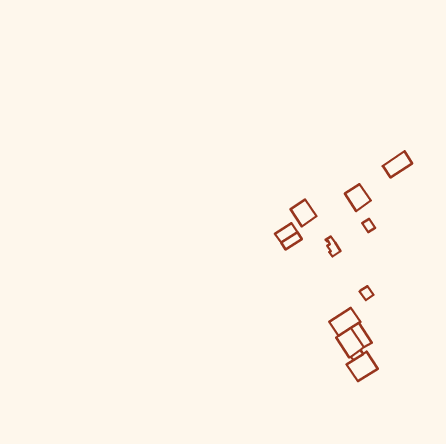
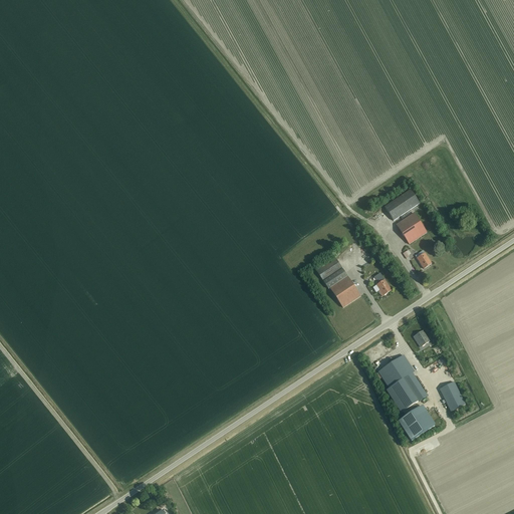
building: [383,151,412,177] -> [384,189,419,219]
building: [290,200,317,227] -> [330,275,360,306]
building: none -> [440,380,466,410]

